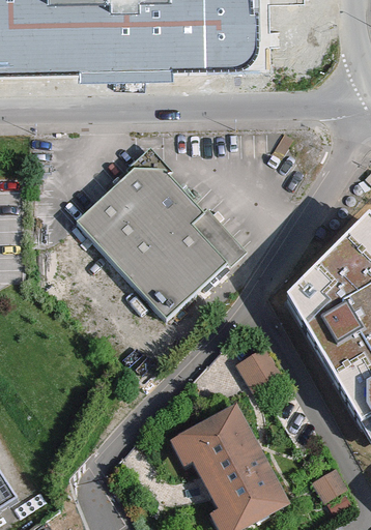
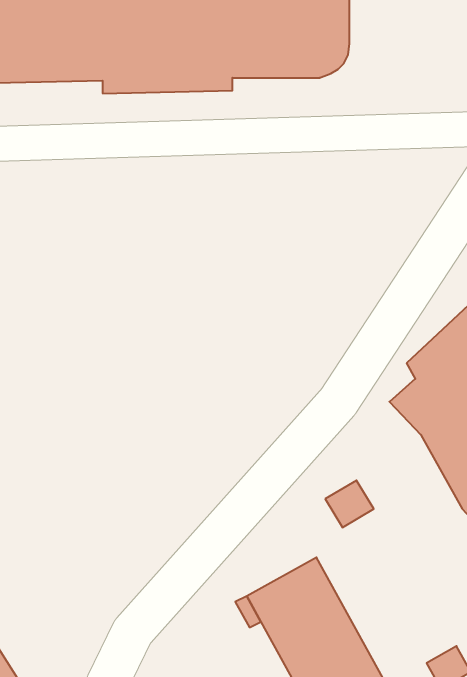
building: [74,171,232,322] -> none

